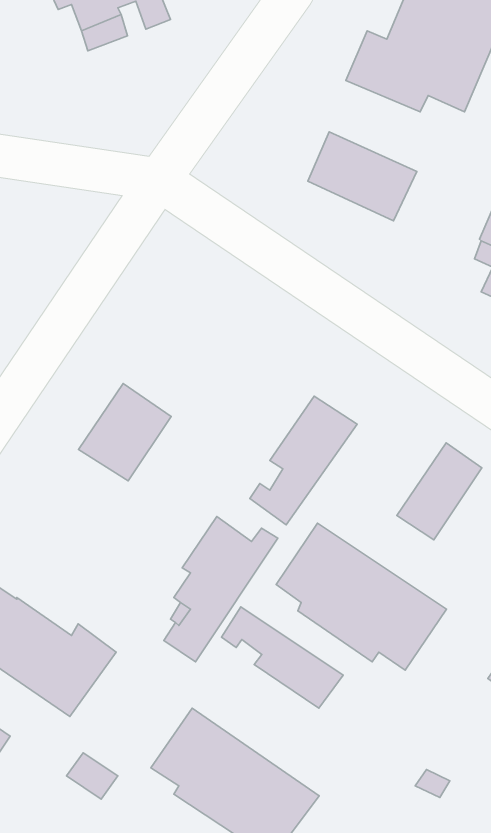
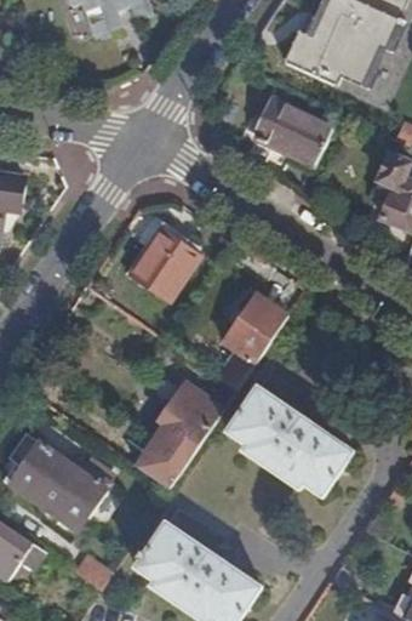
building: [79,384,171,481] -> [131,228,199,300]
building: [397,443,482,540] -> none
building: [222,607,343,708] -> none

